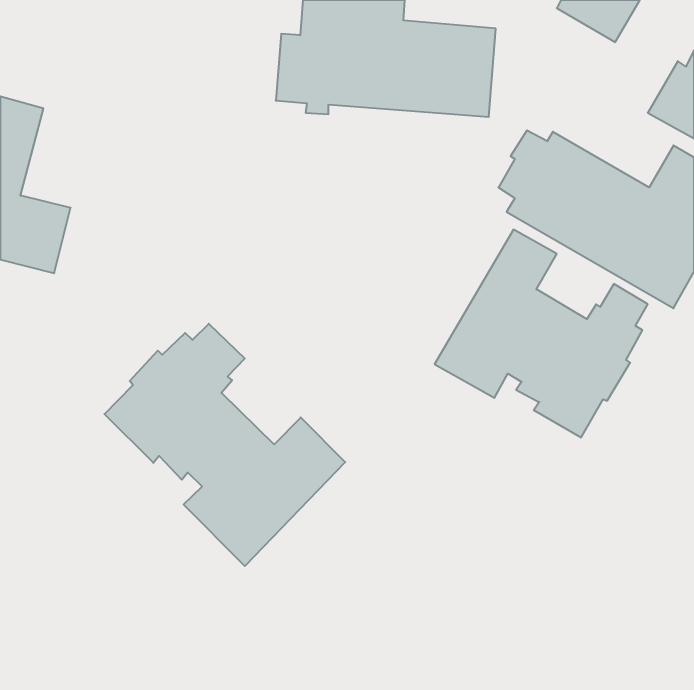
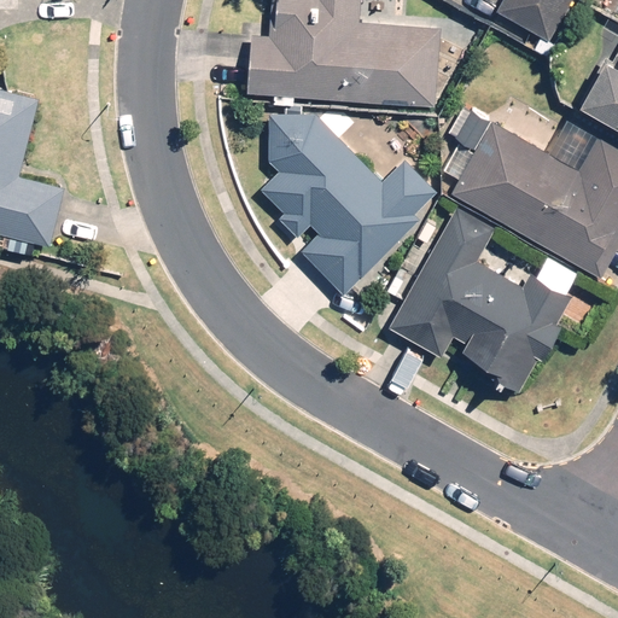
building: none -> [260,115,437,295]
building: [104,324,345,566] -> none

